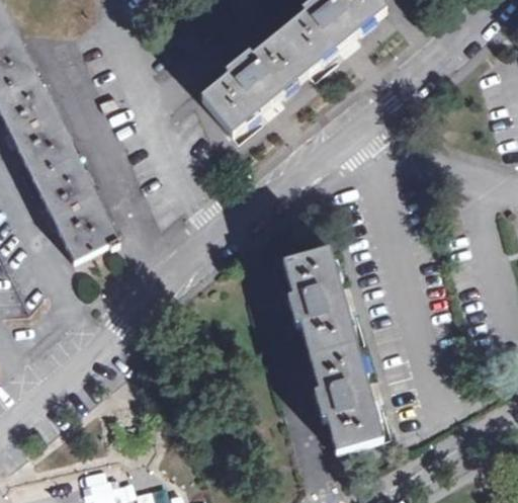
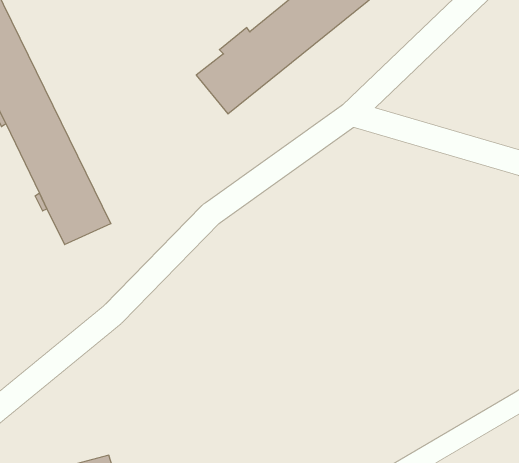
building: [281,247,381,449] -> none

